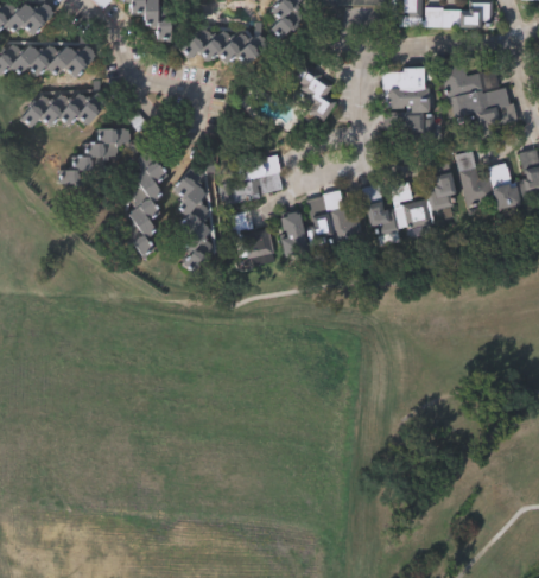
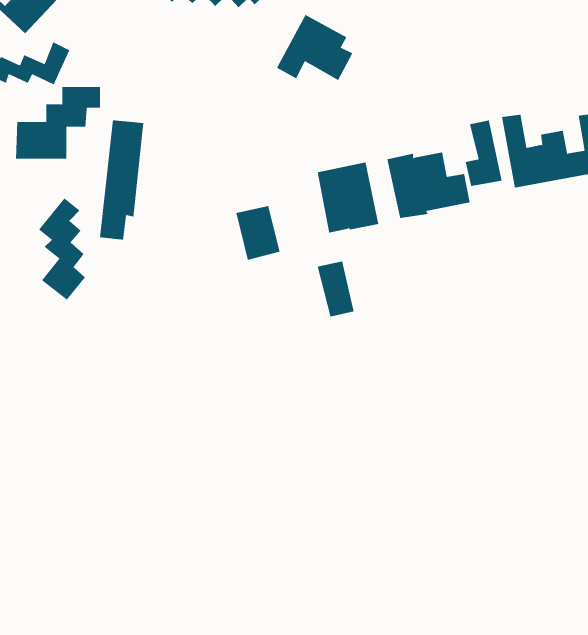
building: [445,63,516,136] -> none
building: [386,66,427,127] -> none
building: [232,152,284,198] -> none
building: [171,164,210,248] -> [38,198,86,301]
building: [278,211,309,258] -> [317,261,355,317]

